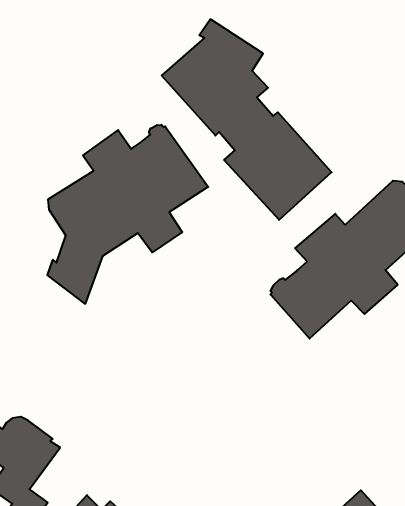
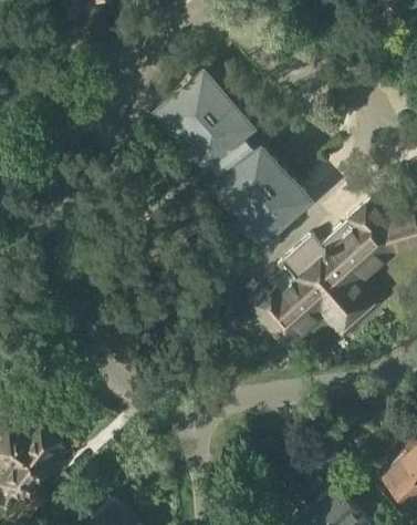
building: [47,125,208,304] -> none

